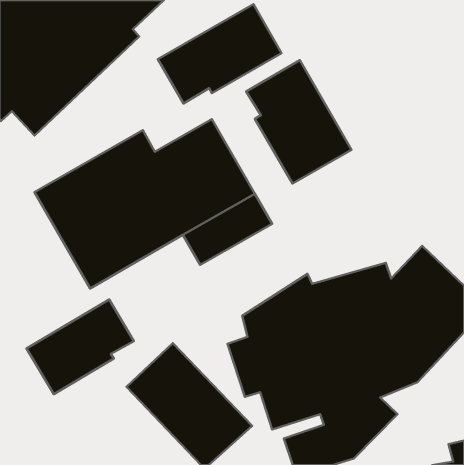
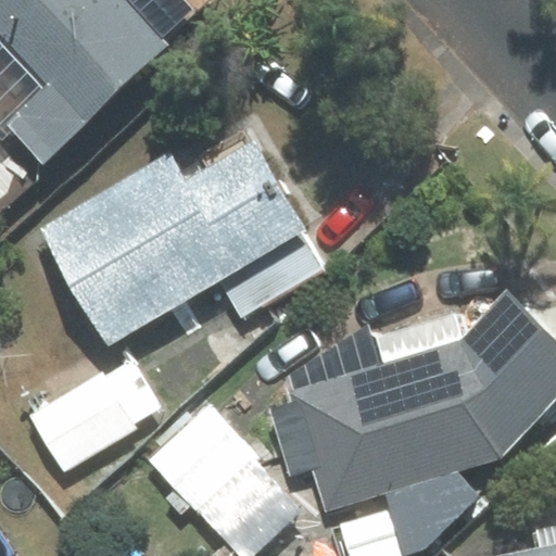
building: [158,4,281,104] -> none
building: [246,60,351,184] -> none

